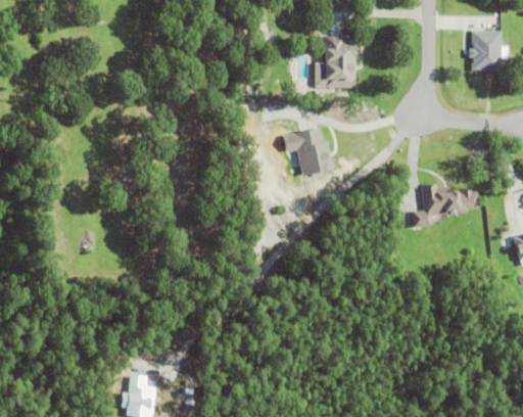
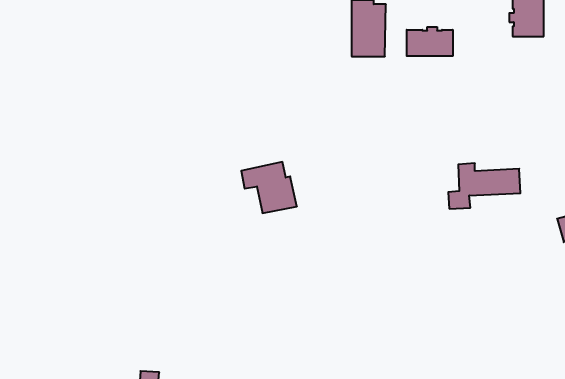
building: none -> [407,27,453,56]
building: [283,127,334,174] -> [241,162,297,213]

